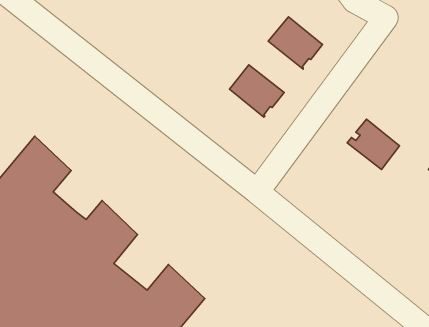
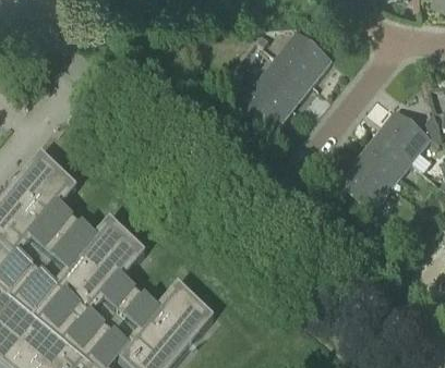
building: none -> [257,53,313,106]
building: none -> [377,107,432,160]
building: none -> [338,157,393,209]

